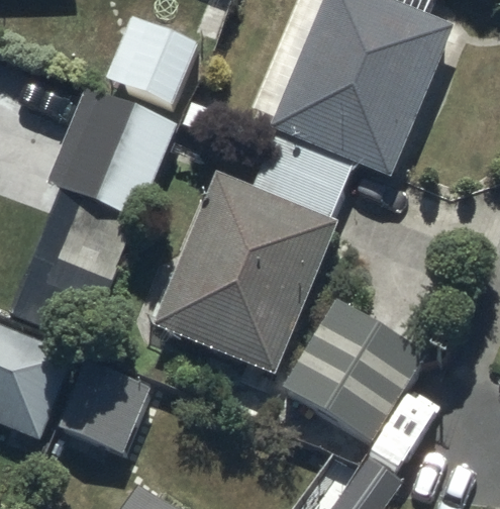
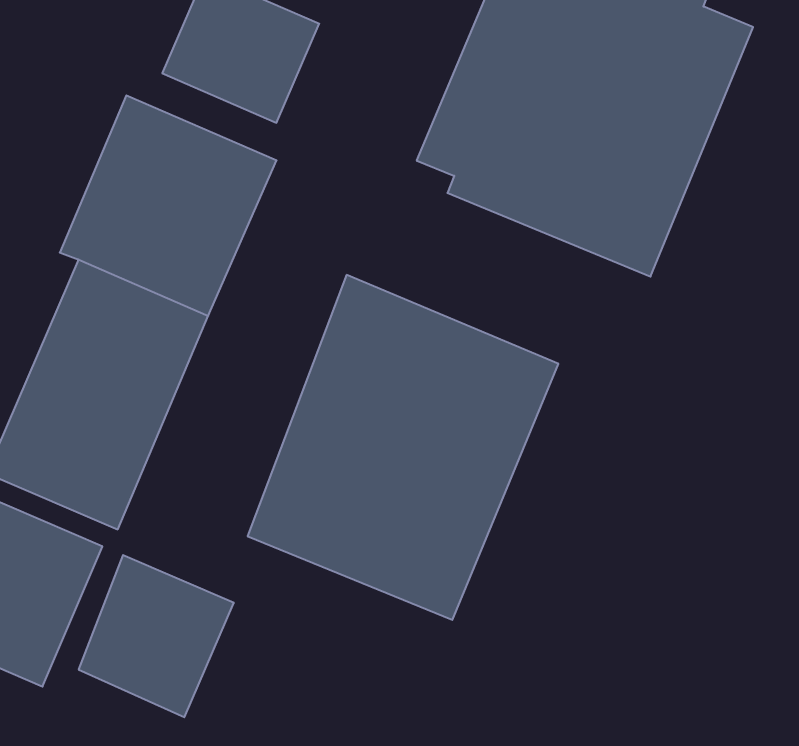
building: [285,304,428,447] -> none

